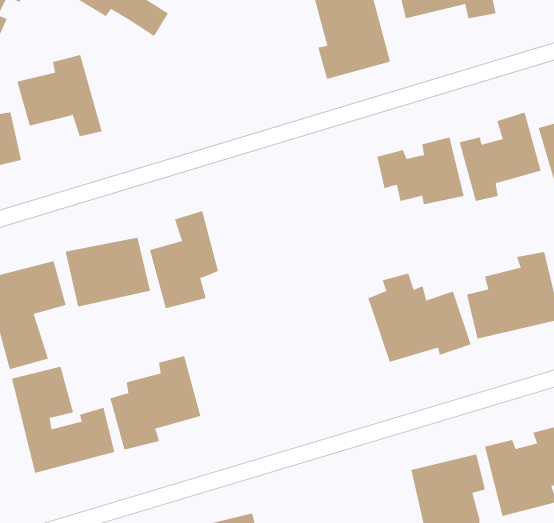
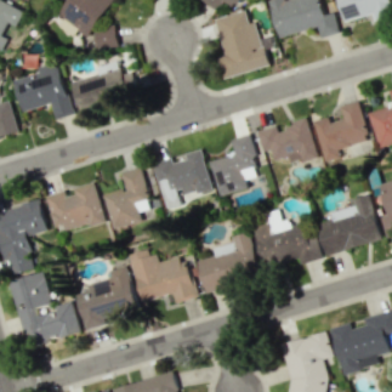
building: none -> [70,67,137,112]
building: none -> [210,135,259,195]
building: none -> [153,149,211,210]
building: none -> [198,232,261,292]
building: none -> [129,249,197,303]

